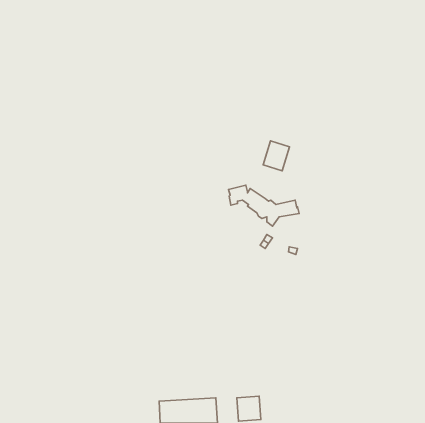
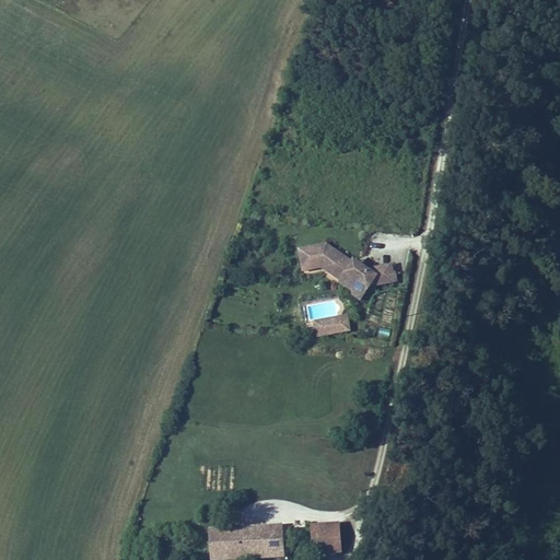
building: [263,141,289,171] -> none

